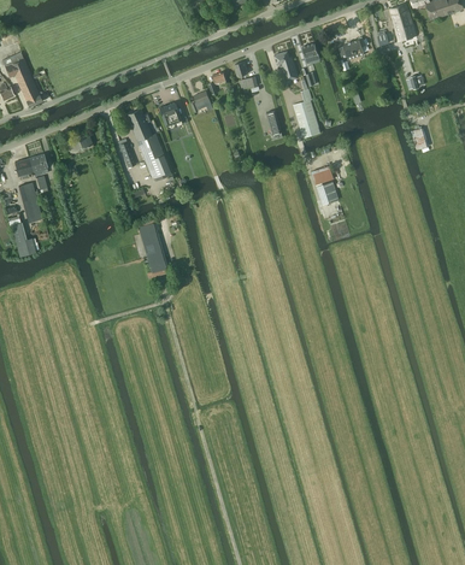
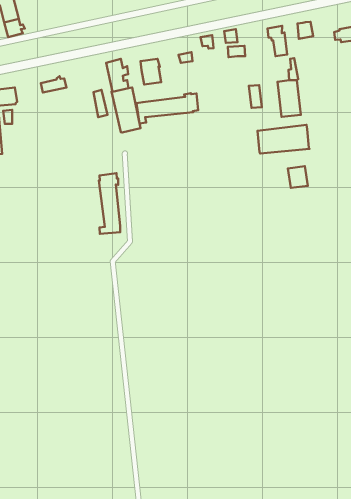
building: none -> [137,93,198,124]
building: none -> [258,125,310,154]

